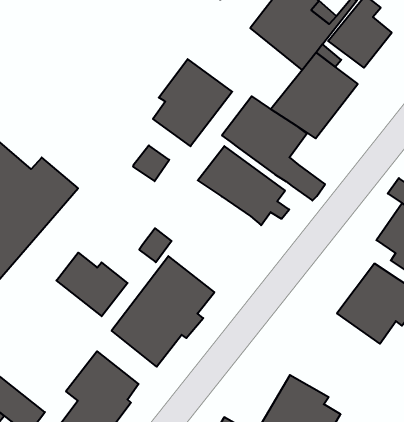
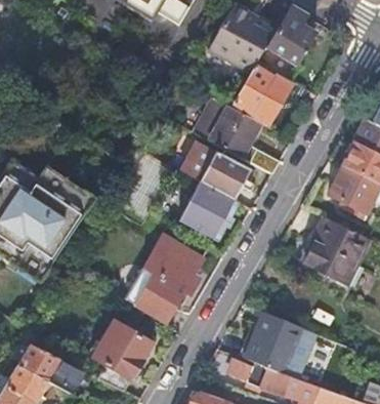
building: [153,59,232,146] -> none
building: none -> [178,180,237,240]
building: [56,253,128,316] -> none

